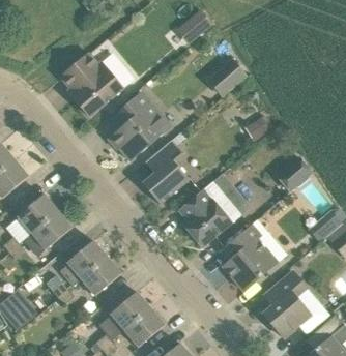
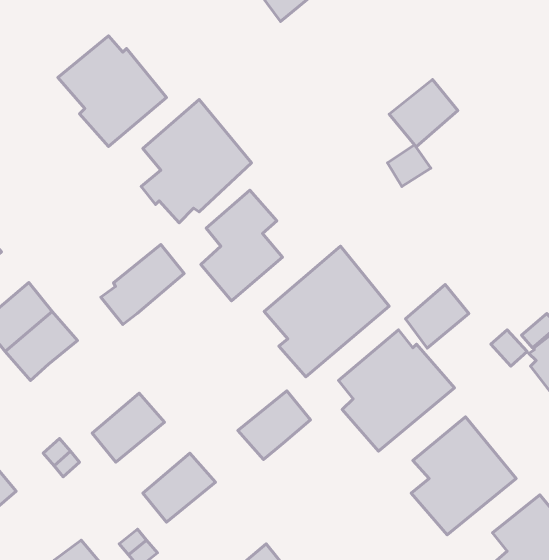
building: [207,58,247,96] -> [389,80,458,147]
building: [276,156,312,192] -> [405,285,469,348]
building: [59,240,107,286] -> [101,245,184,324]
building: [122,307,164,347] -> [238,391,310,460]

